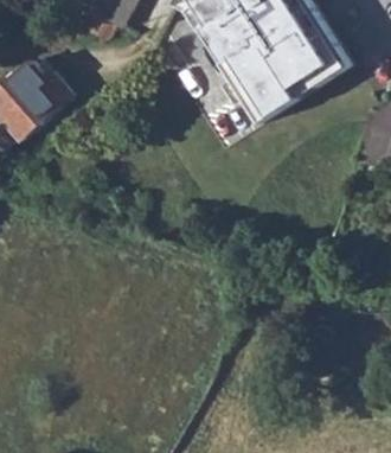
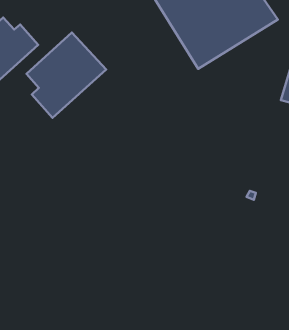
building: none -> [27,32,106,118]

